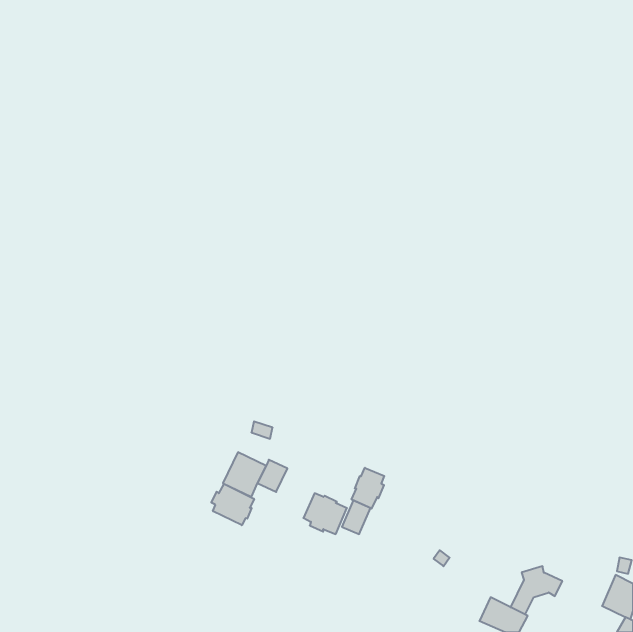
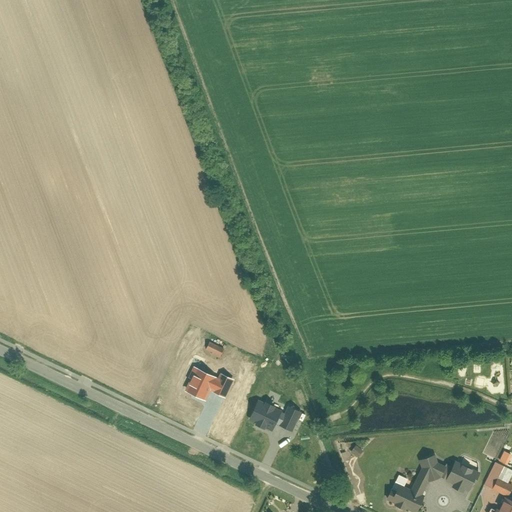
building: [352,468,384,509] -> none
building: [211,484,254,525] -> none
building: none -> [448,461,482,495]

